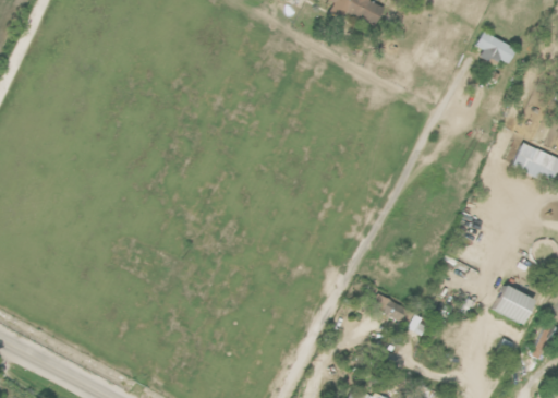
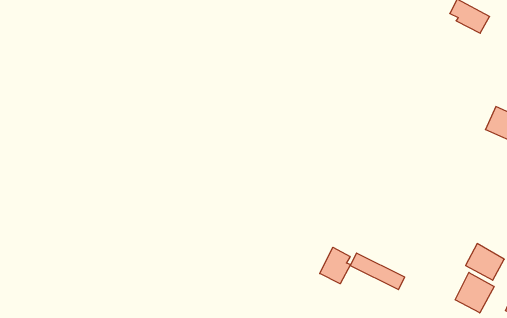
building: none -> [320,247,351,284]
building: none -> [455,272,494,313]

